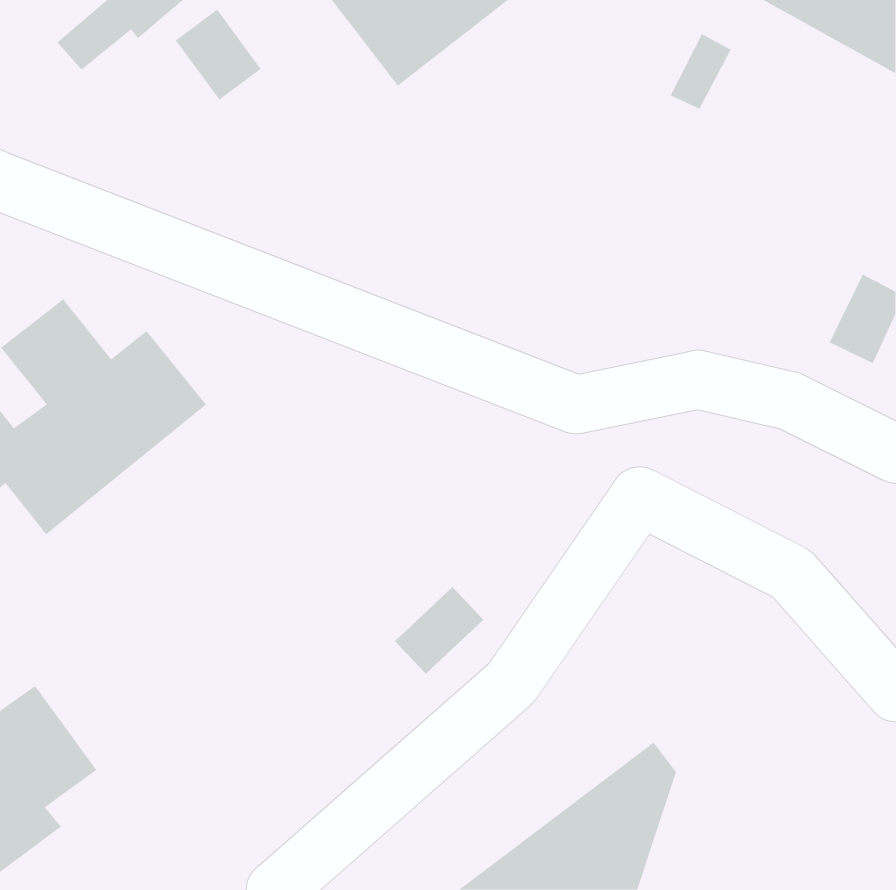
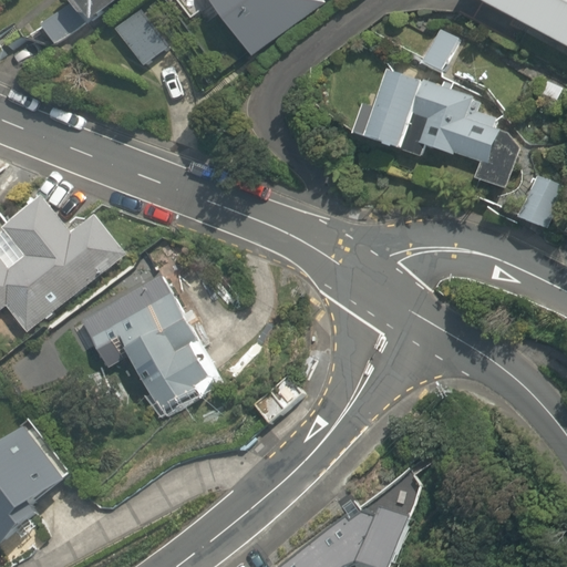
building: none -> [350,71,522,186]
building: none -> [80,272,223,416]

